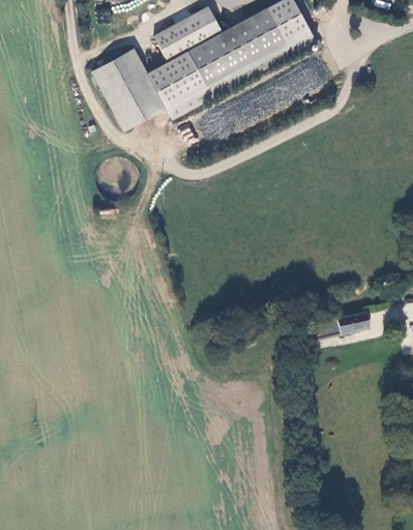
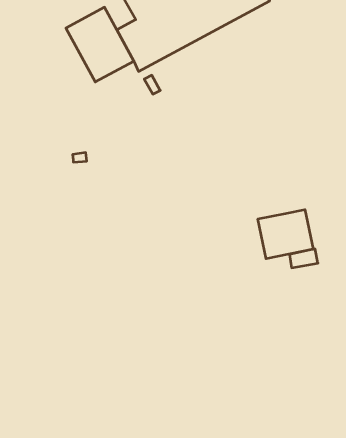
building: none -> [258,210,313,259]

